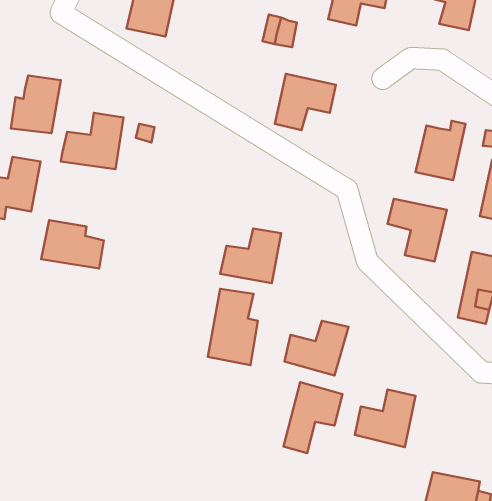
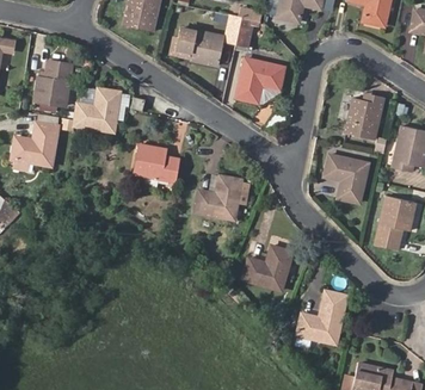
building: none -> [177,29,223,66]
building: [41,220,104,269] -> [133,144,180,181]
building: [208,289,258,365] -> none
building: [283,382,342,453] -> none

